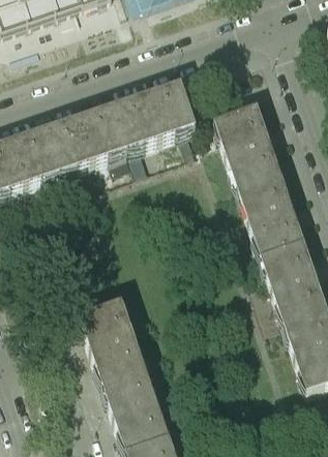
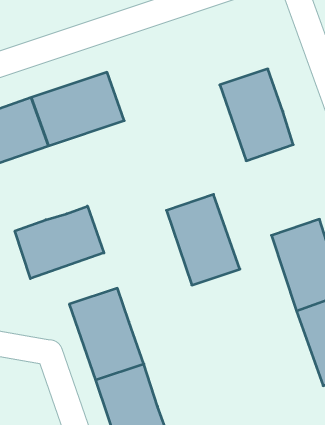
building: [112,84,195,151] -> none
building: [237,173,303,254] -> [166,194,240,285]
building: none -> [15,206,104,279]

